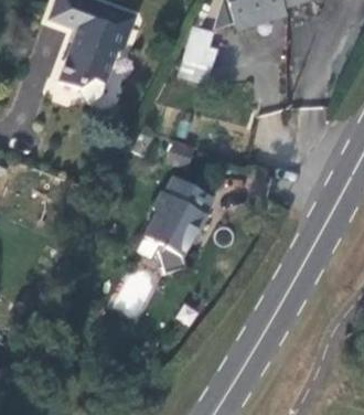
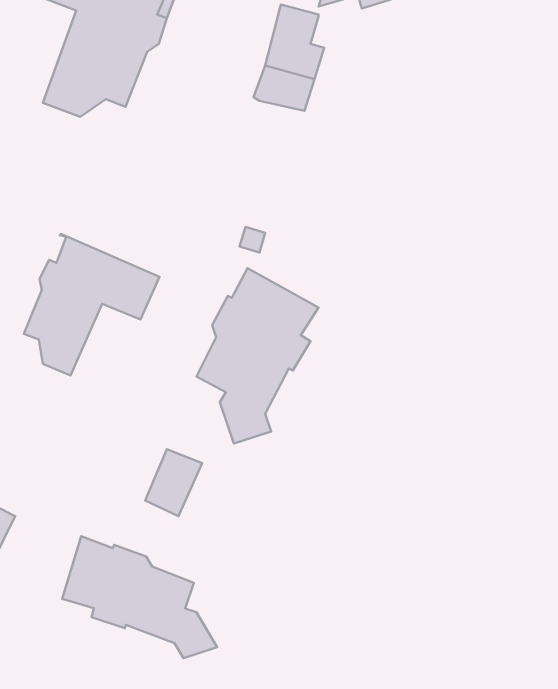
building: none -> [24,234,160,376]
building: none -> [62,536,217,658]

